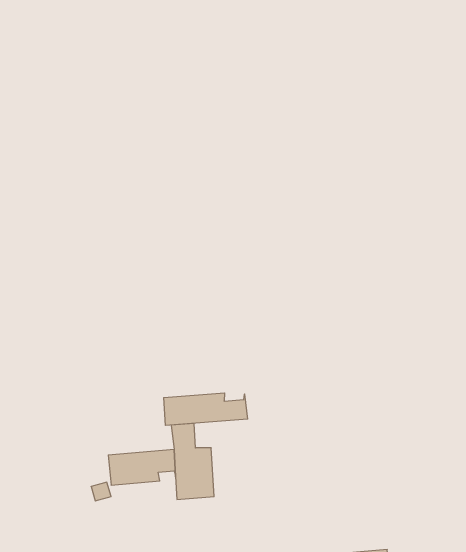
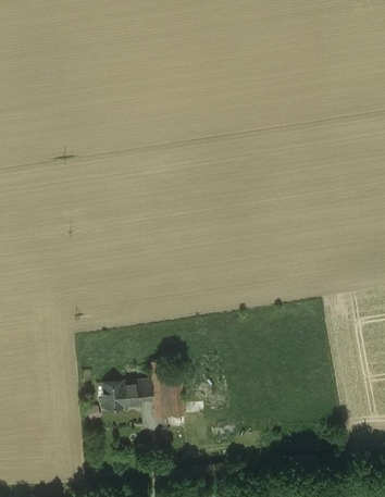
building: [164,393,248,425] -> none

